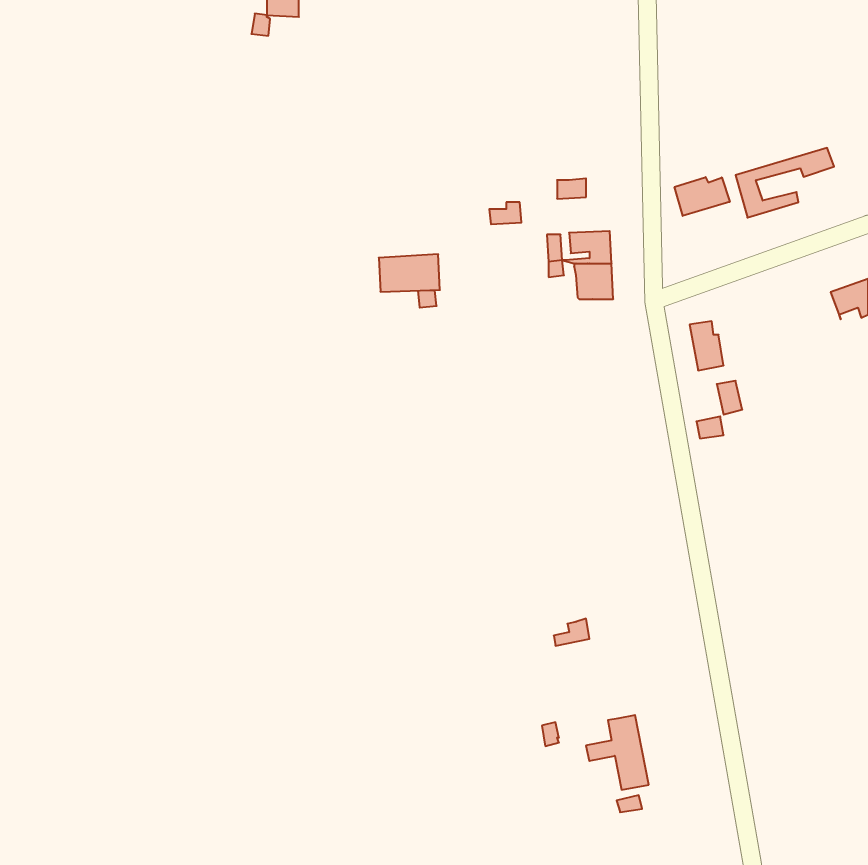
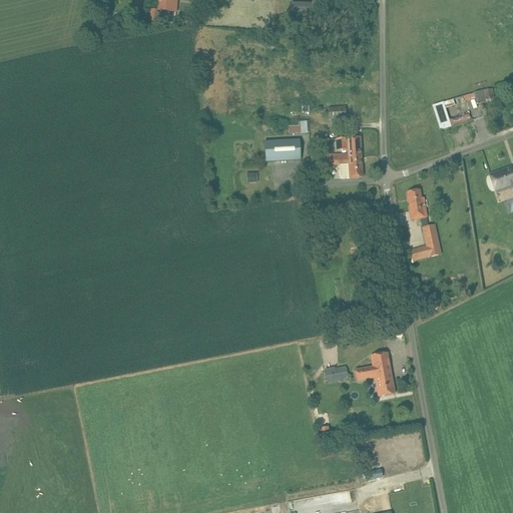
building: [675,177,730,216] -> none
building: [379,254,440,292] -> [265,138,301,160]
building: [586,715,649,790] -> [358,352,395,396]

